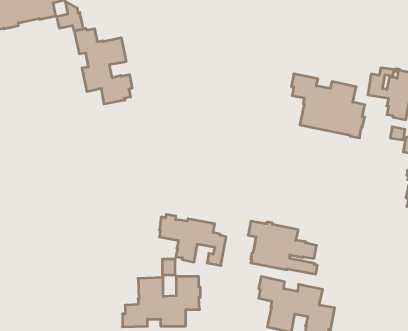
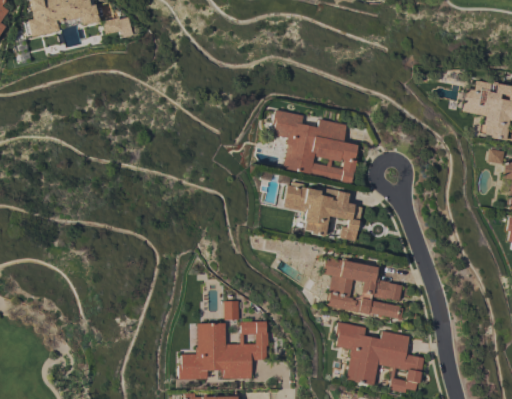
building: [75,28,132,104] -> none
building: [291,74,365,138] -> [273,109,358,183]
building: [159,214,226,266] -> [285,181,362,240]

